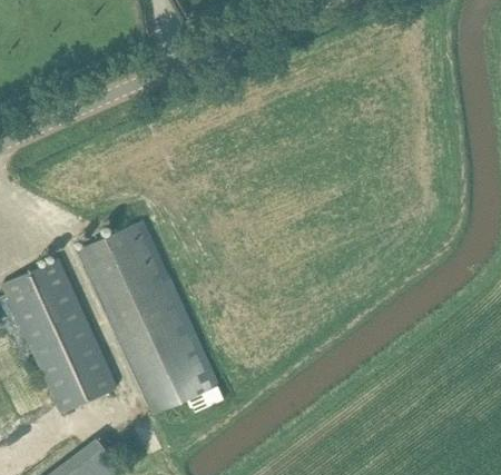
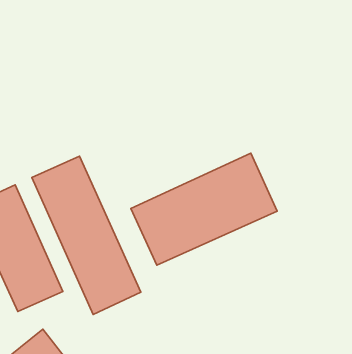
building: none -> [131,153,277,265]

